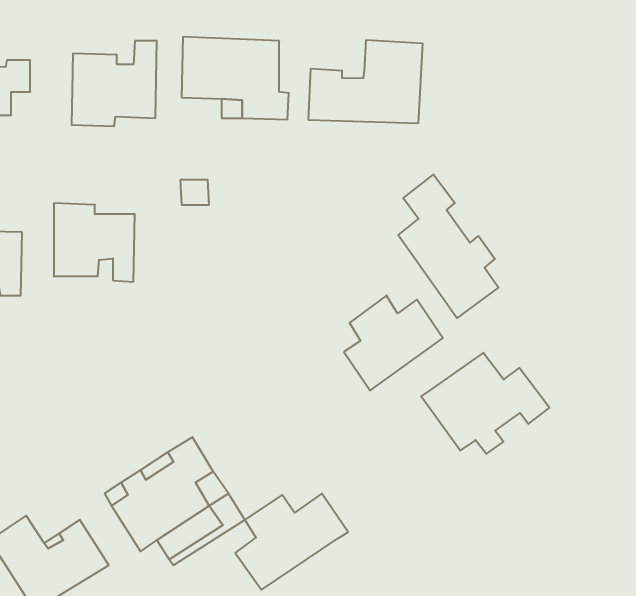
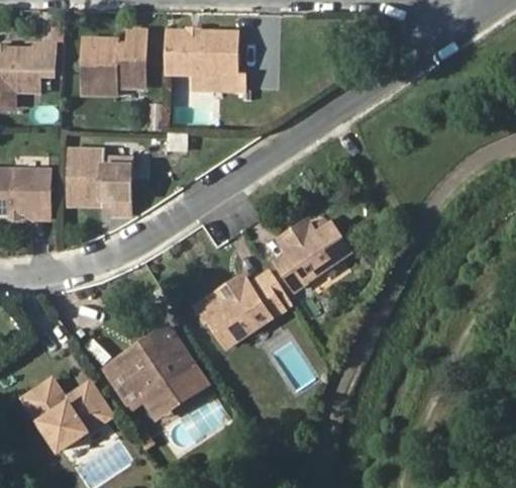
building: [309,40,422,123] -> none
building: [398,174,499,318] -> none
building: [421,353,549,454] -> none
building: [235,494,348,590] -> [212,275,295,346]

